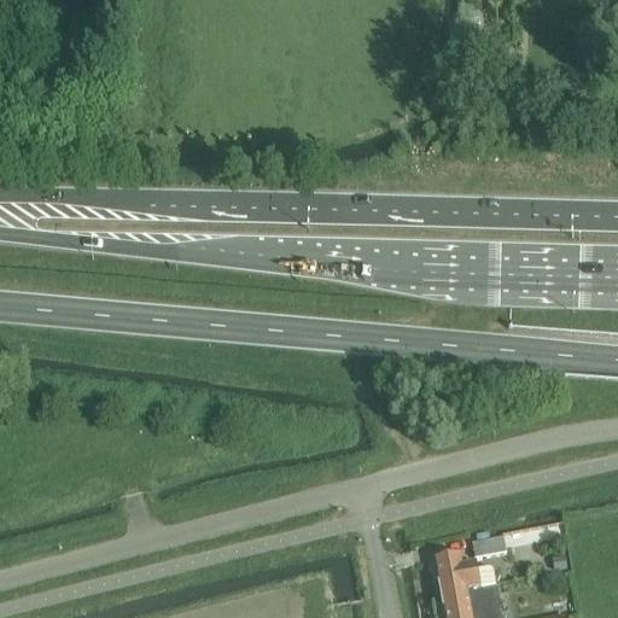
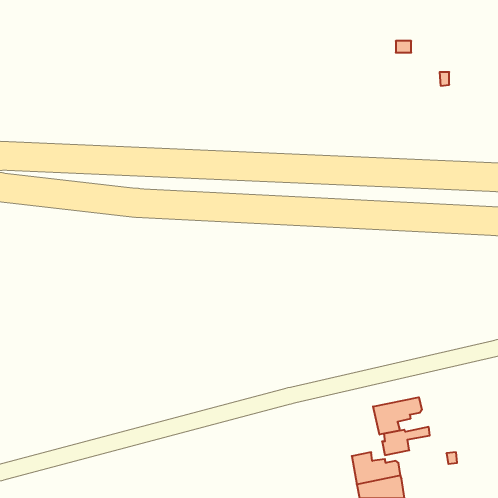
building: none -> [373,397,422,435]

